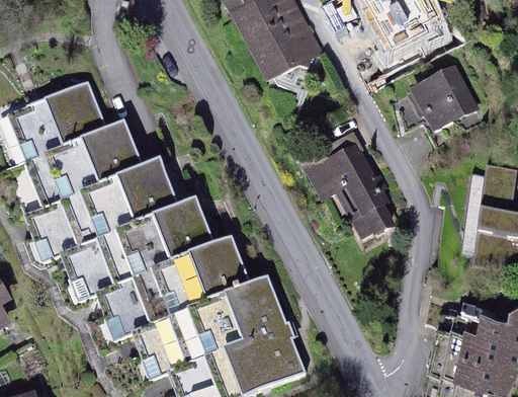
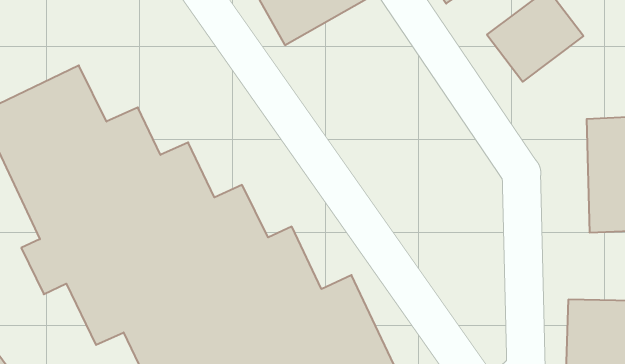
building: [297,133,404,250] -> none

